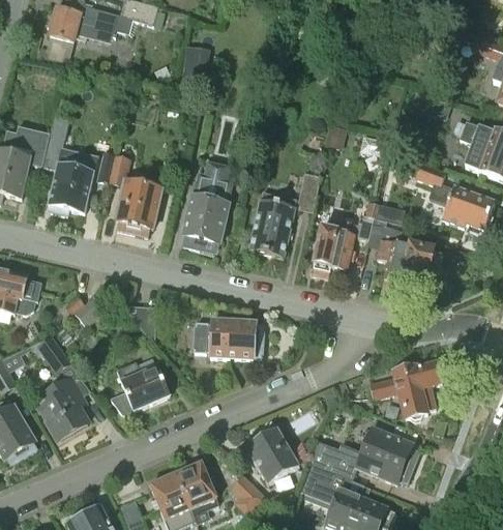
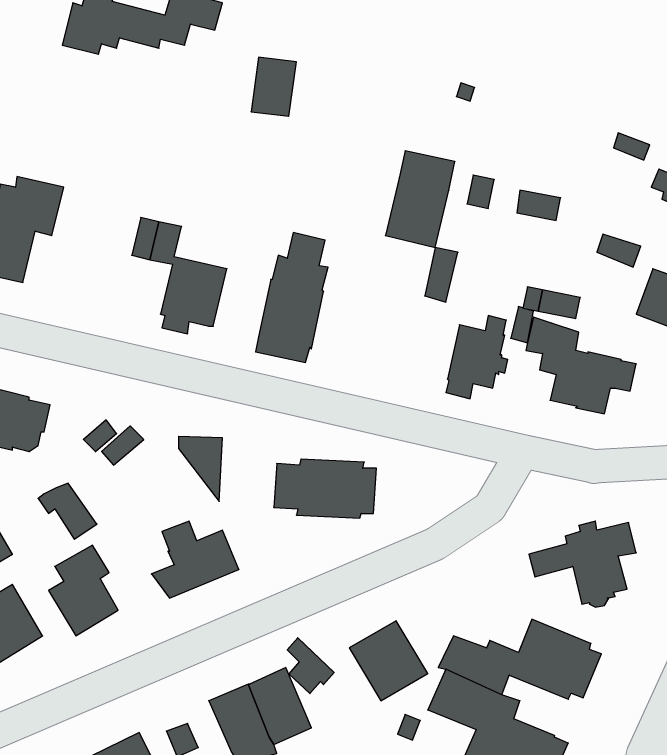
building: [46,117,98,212] -> none
building: [248,192,296,258] -> [385,151,455,248]
building: [232,474,264,512] -> [287,638,334,694]

